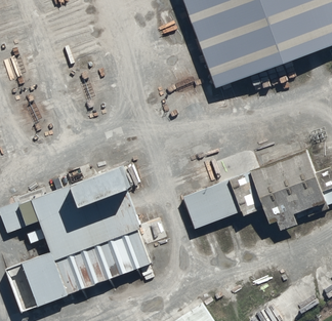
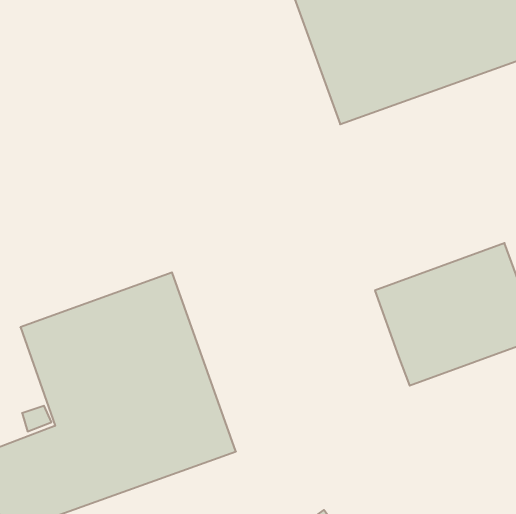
building: [182,175,244,229] -> none

